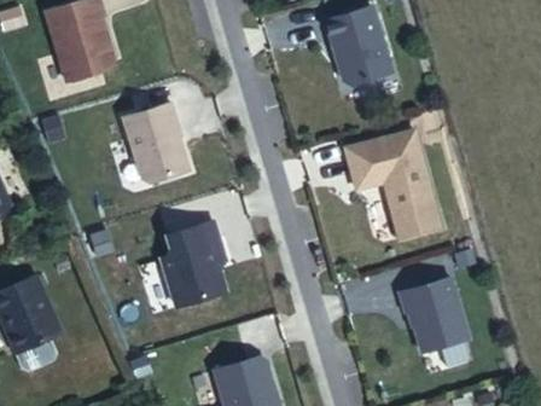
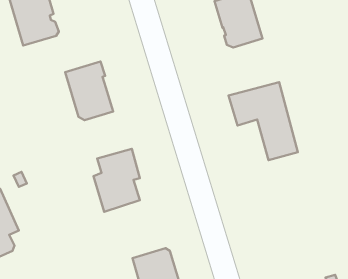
building: [400,278,469,352] -> none

